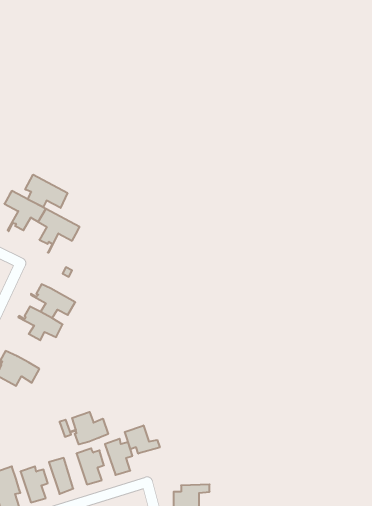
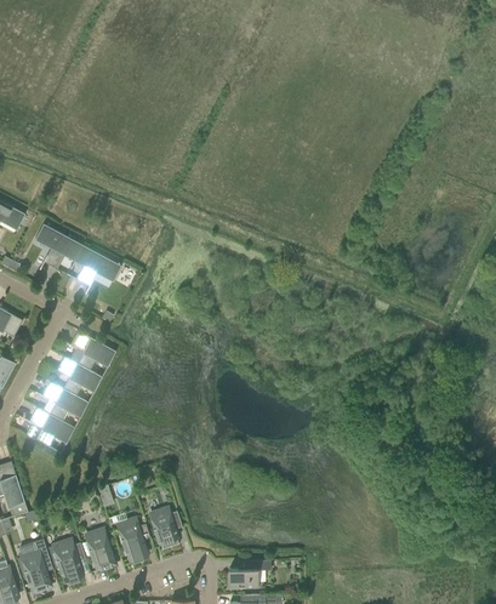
building: [25,175,67,208] -> none
building: none -> [36,381,87,420]
building: [70,412,108,444] -> none
building: [125,425,160,454] -> none

